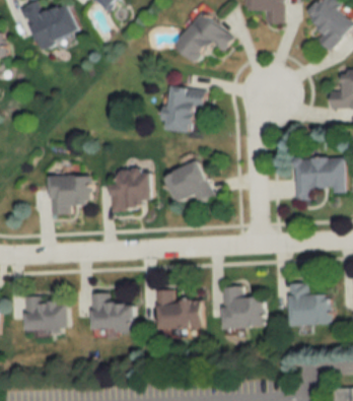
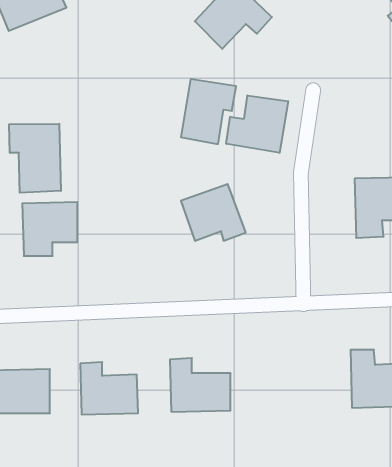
building: none -> [226,95,288,153]
building: none -> [9,124,61,193]
building: [110,171,152,210] -> none
building: [223,286,264,329] -> none

